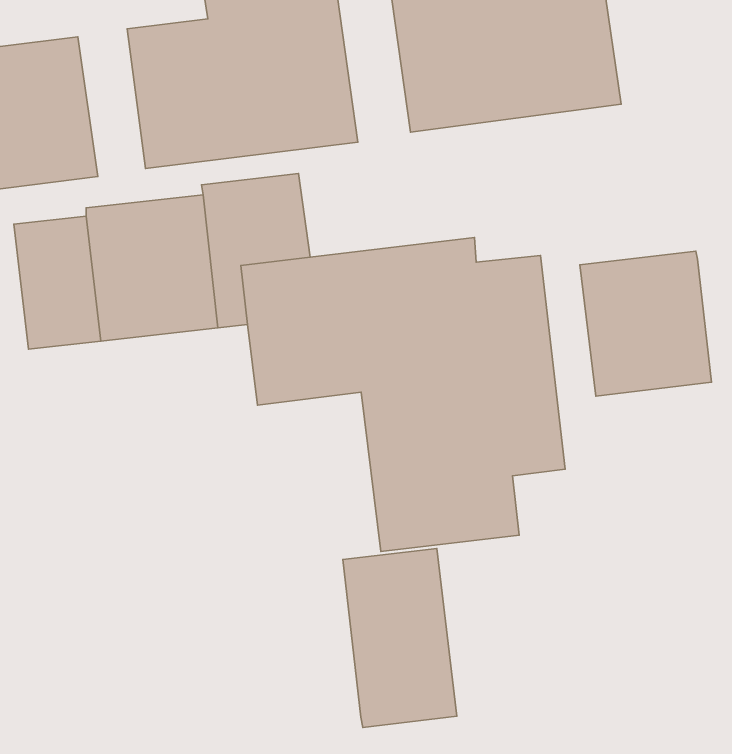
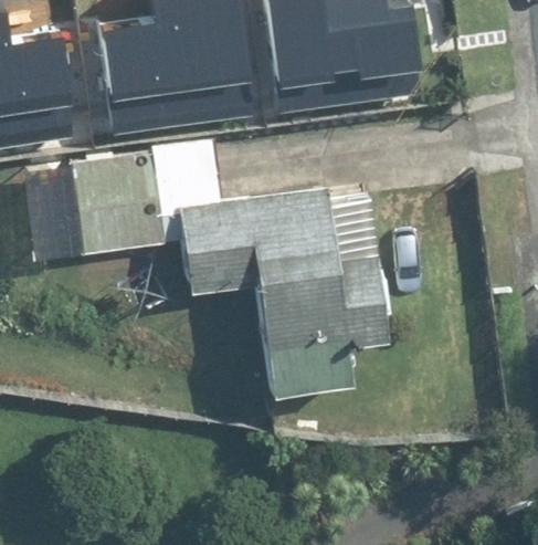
building: [580,251,712,396] -> none
building: [343,548,457,727] -> none

